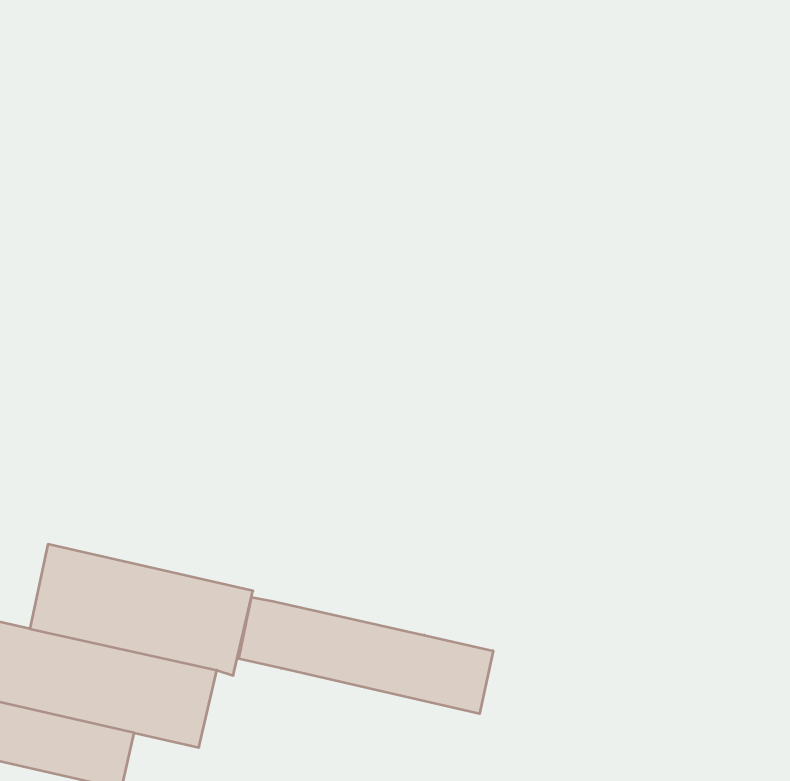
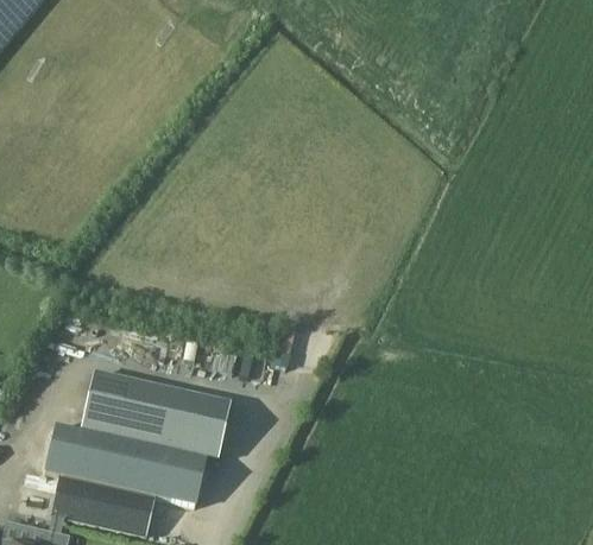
building: [239,597,493,714] -> none

